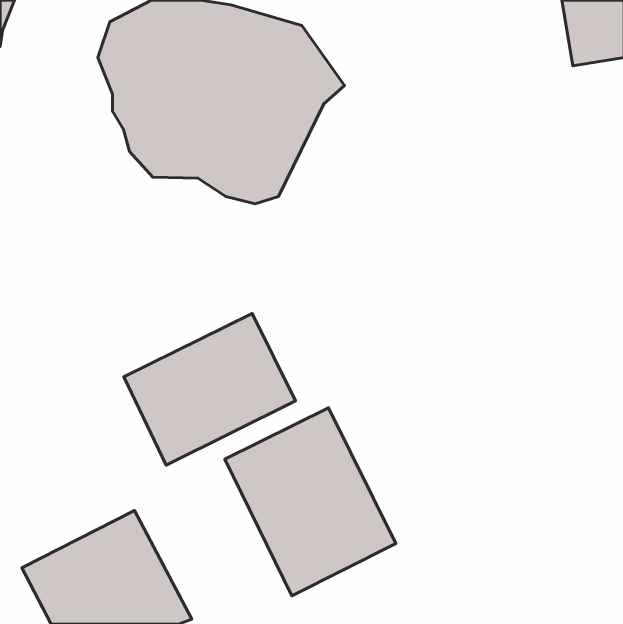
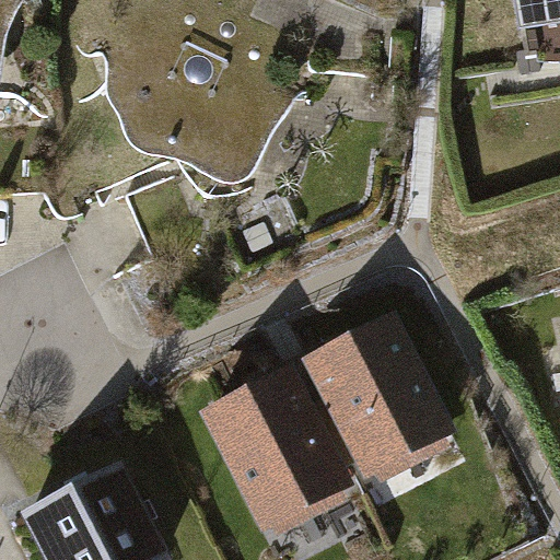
building: [124,313,296,465] -> none
building: none -> [306,312,460,479]

